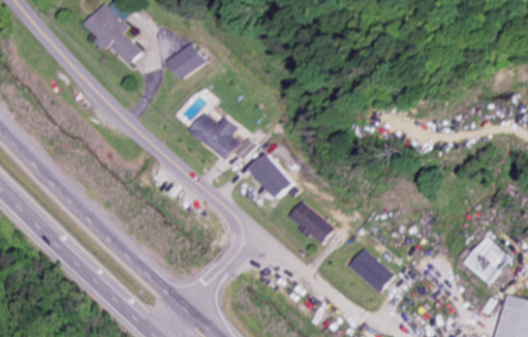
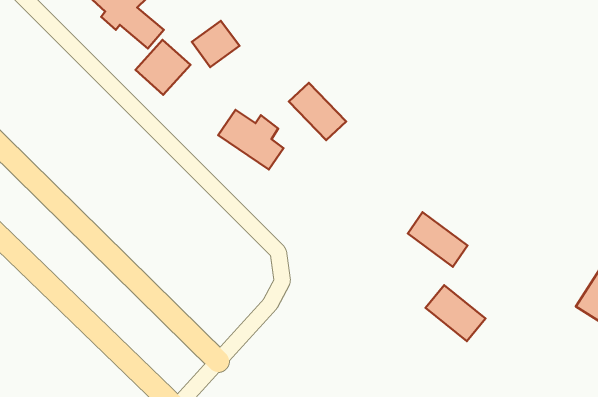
building: none -> [135,40,190,95]
building: [247,154,291,198] -> [289,83,346,140]
building: [286,203,333,245] -> [408,212,468,267]

